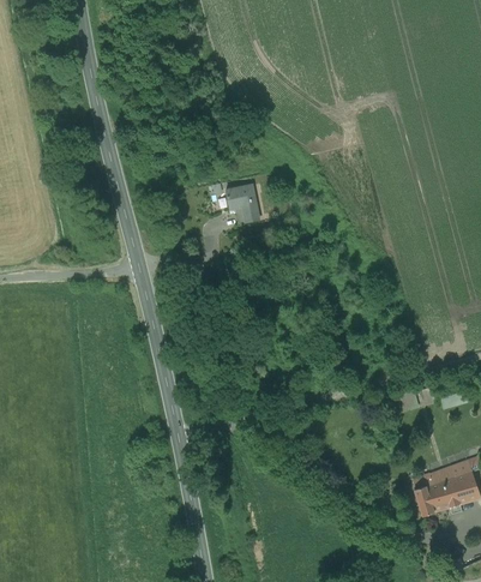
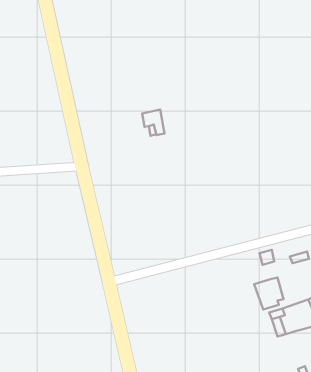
building: none -> [254,278,284,309]

